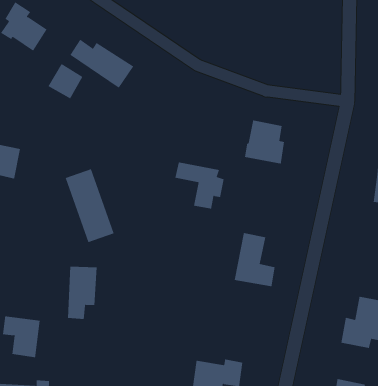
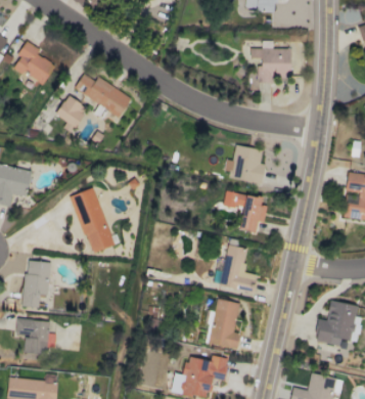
building: none -> [250,48,291,83]
building: [175,162,224,209] -> [223,191,267,233]
building: [67,266,97,319] -> [24,261,50,308]
building: none -> [209,299,240,349]

